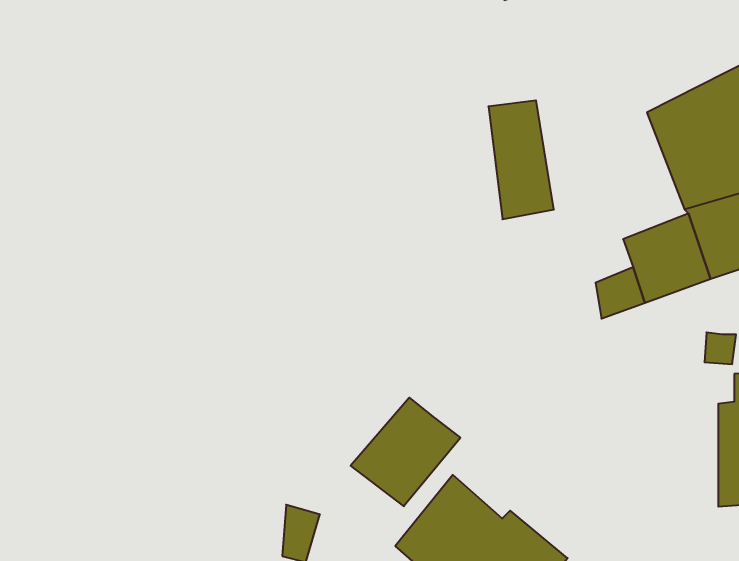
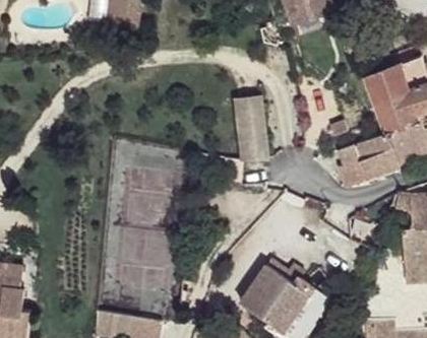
building: [488,100,554,219] -> [233,98,266,159]
building: [351,398,460,506] -> none

